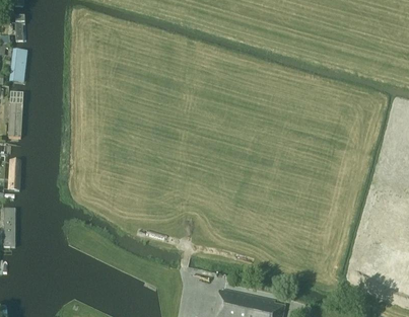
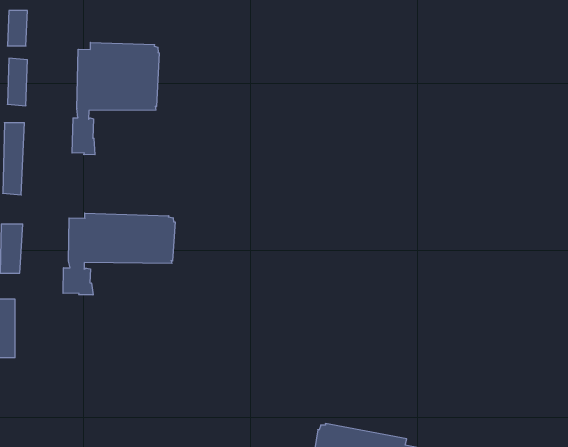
building: none -> [72,42,159,155]
building: none -> [63,213,175,295]

